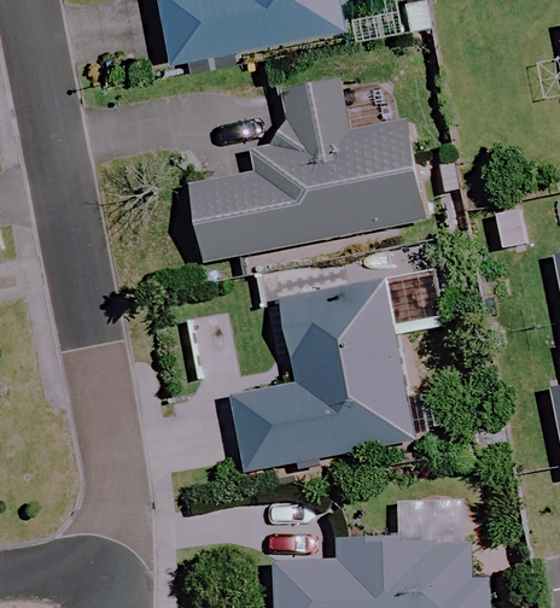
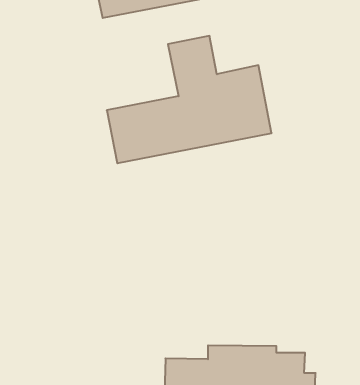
building: [231,280,414,470] -> none

